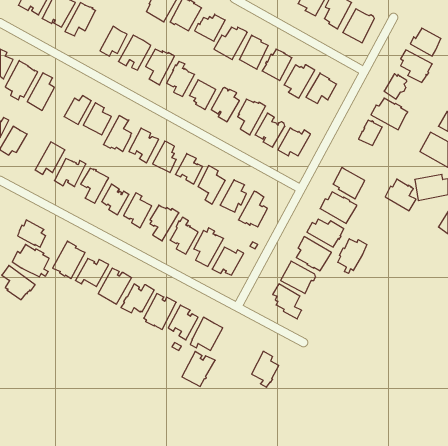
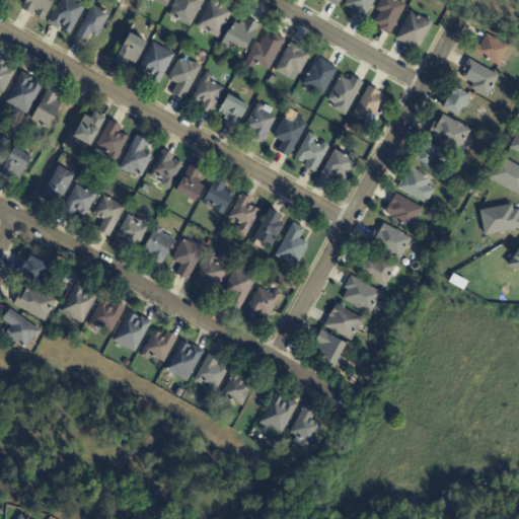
building: [385,179,416,211] -> [399,166,435,203]
building: [338,239,367,273] -> none
building: [182,351,215,386] -> [261,392,299,433]

